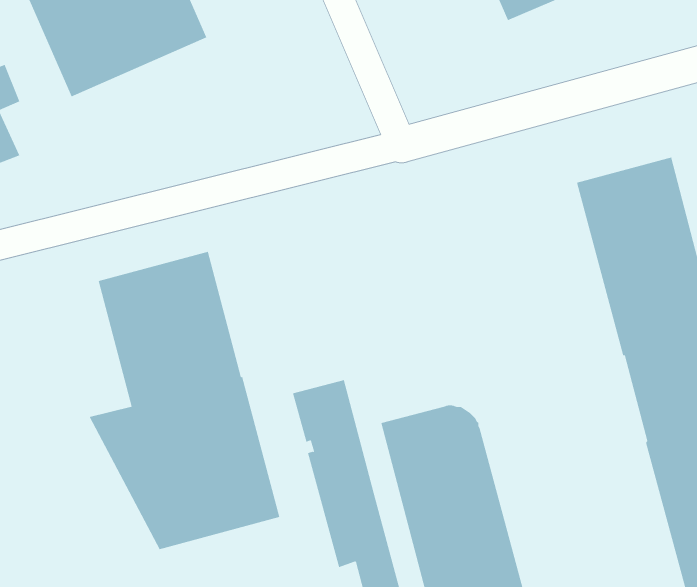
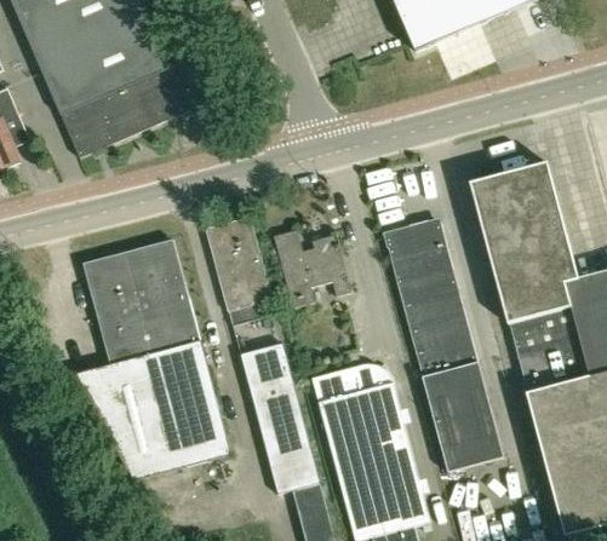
building: none -> [61,64,190,156]
building: none -> [206,217,274,318]
building: none -> [384,220,503,471]
building: none -> [274,229,350,306]

